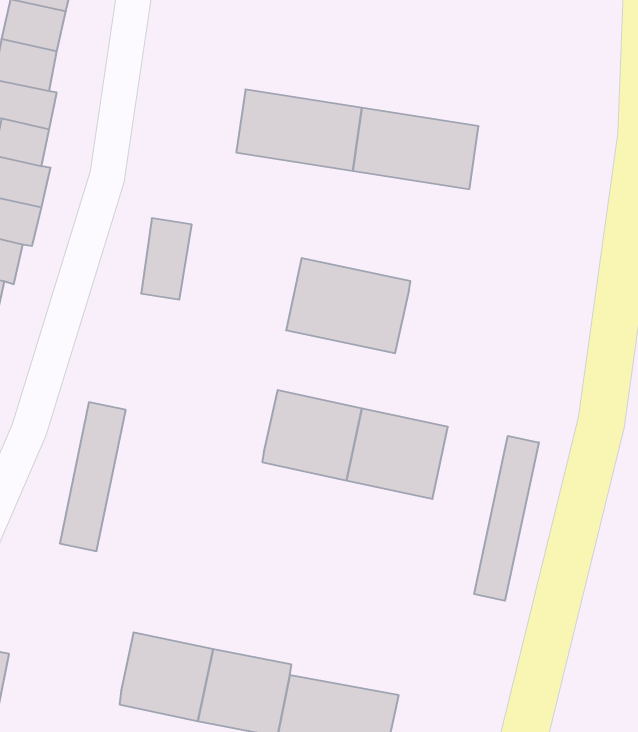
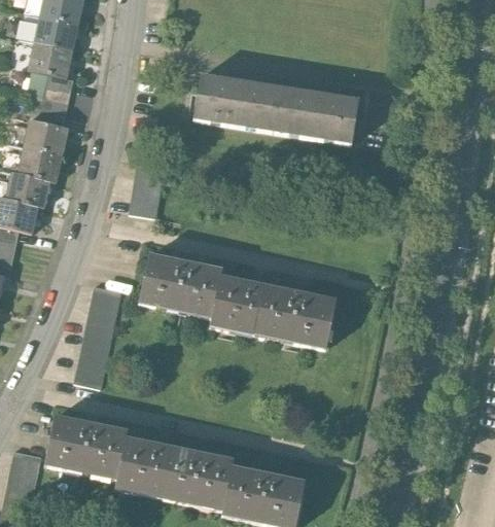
building: [286,258,410,353] -> [139,252,222,316]
building: [474,436,539,601] -> none
building: none -> [45,415,127,477]

